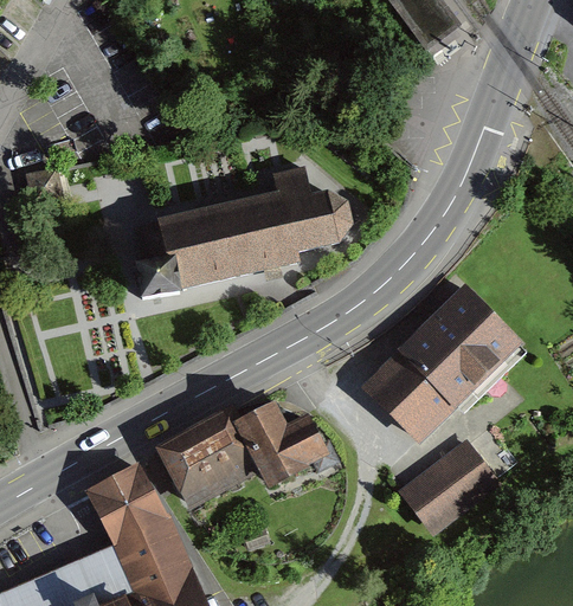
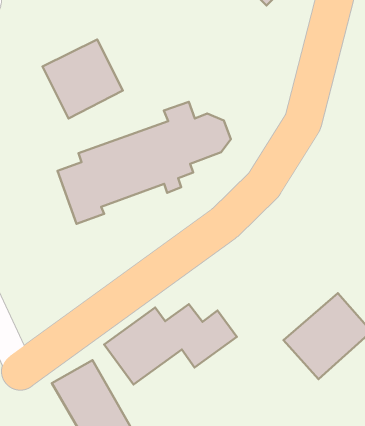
building: none -> [42,40,123,119]
building: [371,290,510,431] -> none

